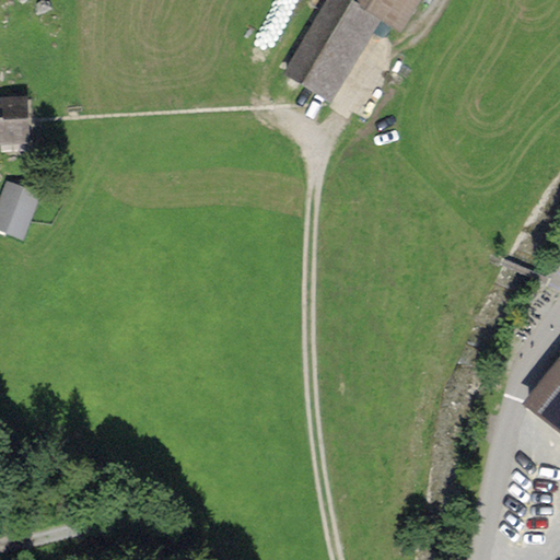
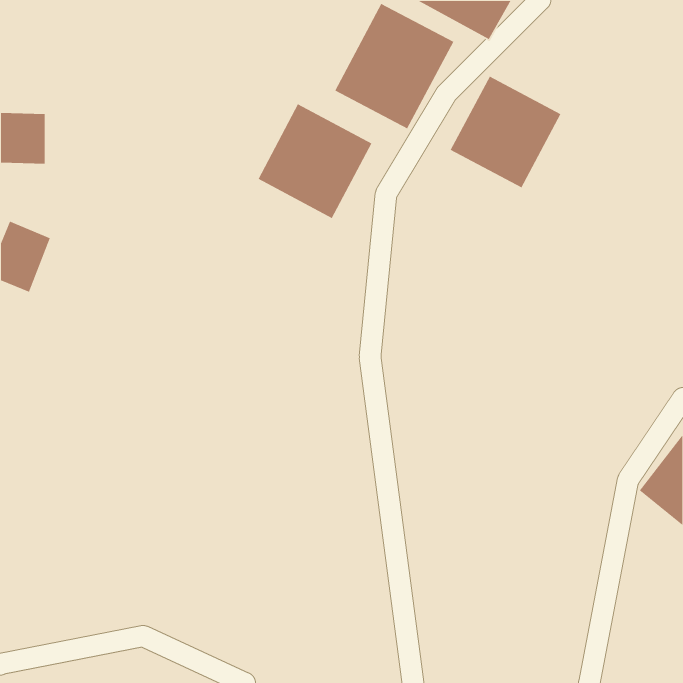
building: none -> [449,75,562,189]
building: none -> [257,103,373,219]

